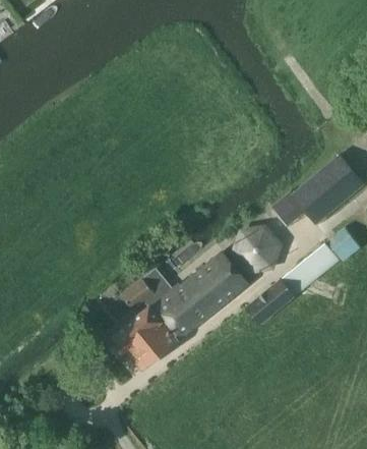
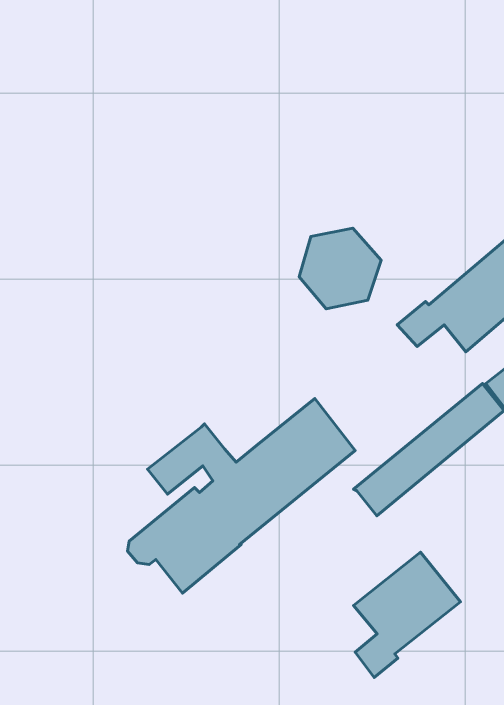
building: [232,225,282,274] -> [299,228,381,309]
building: none -> [353,552,461,678]

